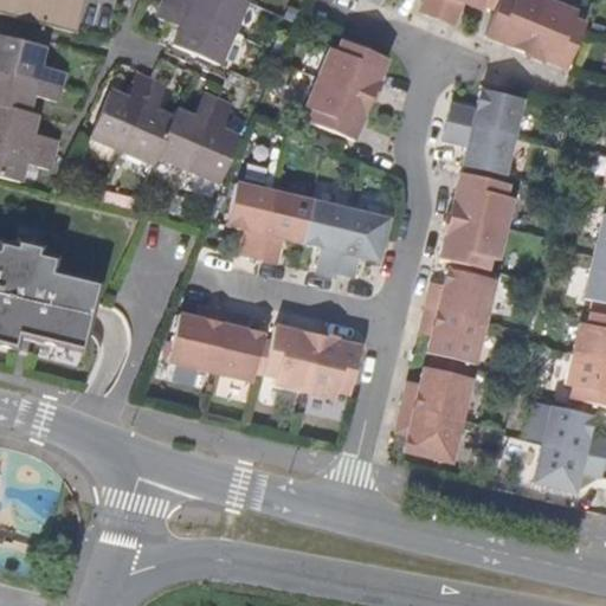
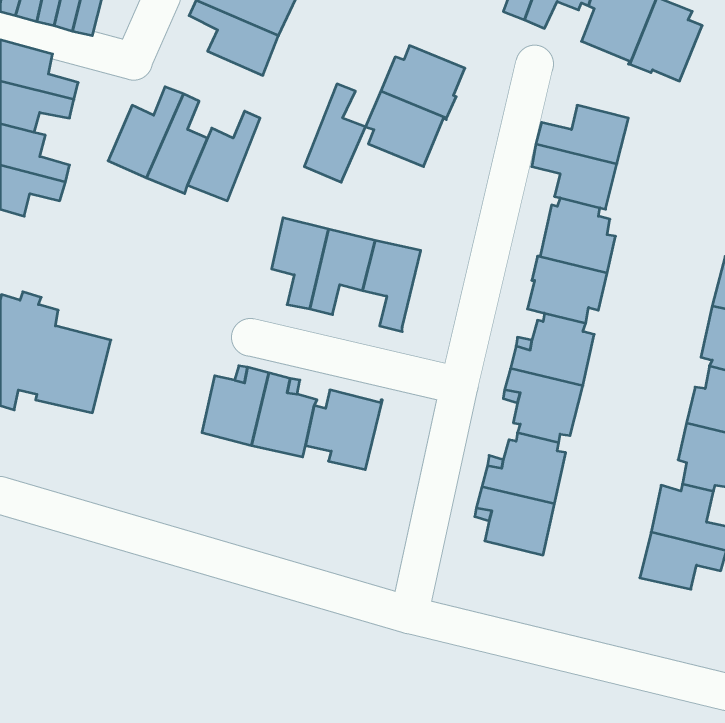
building: [191,98,241,180] -> [304,84,365,182]
building: [336,208,389,276] -> none
building: [305,333,362,398] -> none

